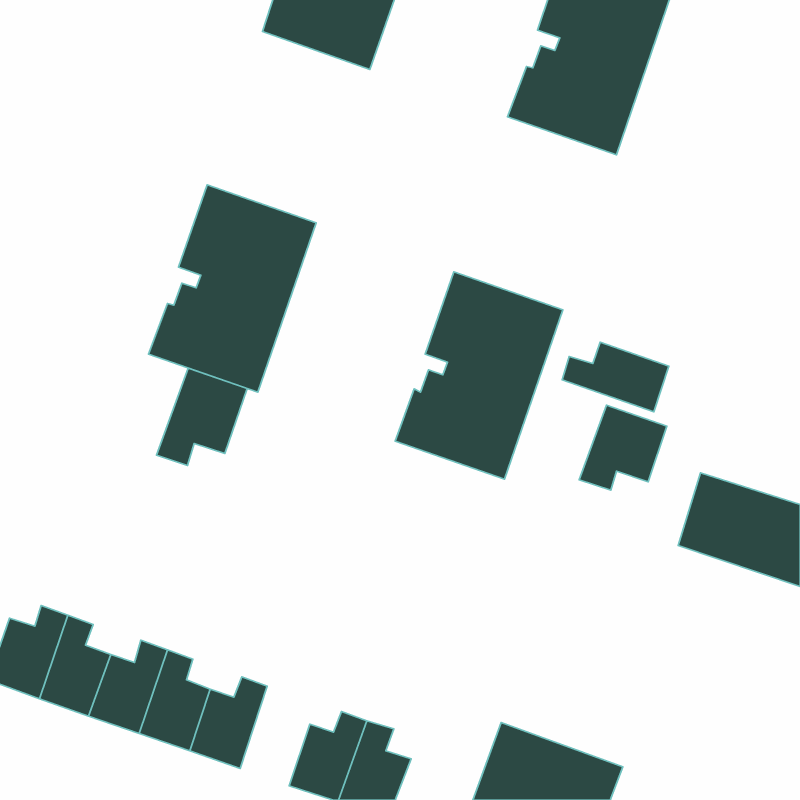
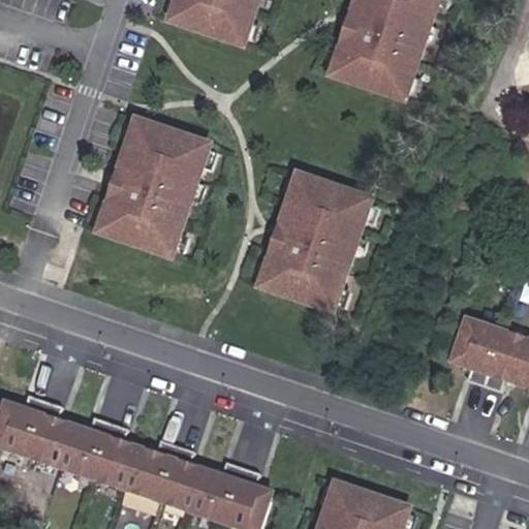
building: [562,342,669,412] -> none
building: [157,368,247,465] -> none
building: [579,405,667,490] -> none
building: none -> [157,448,203,514]

